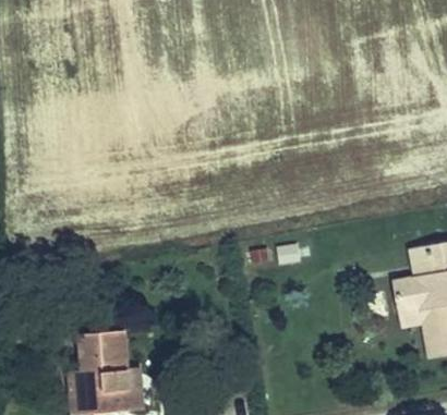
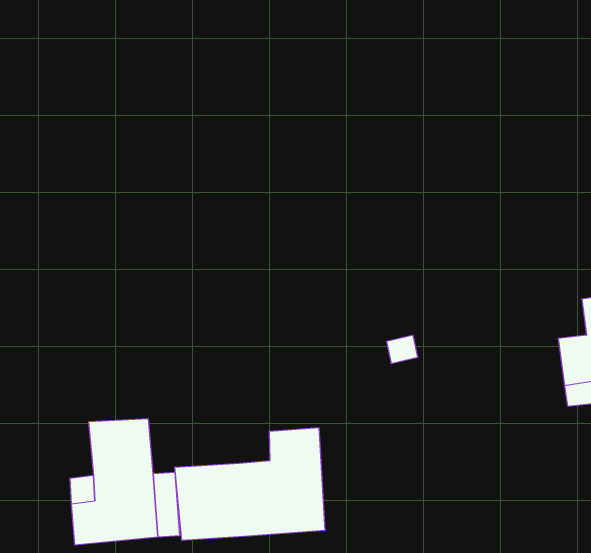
building: none -> [175,428,325,541]

